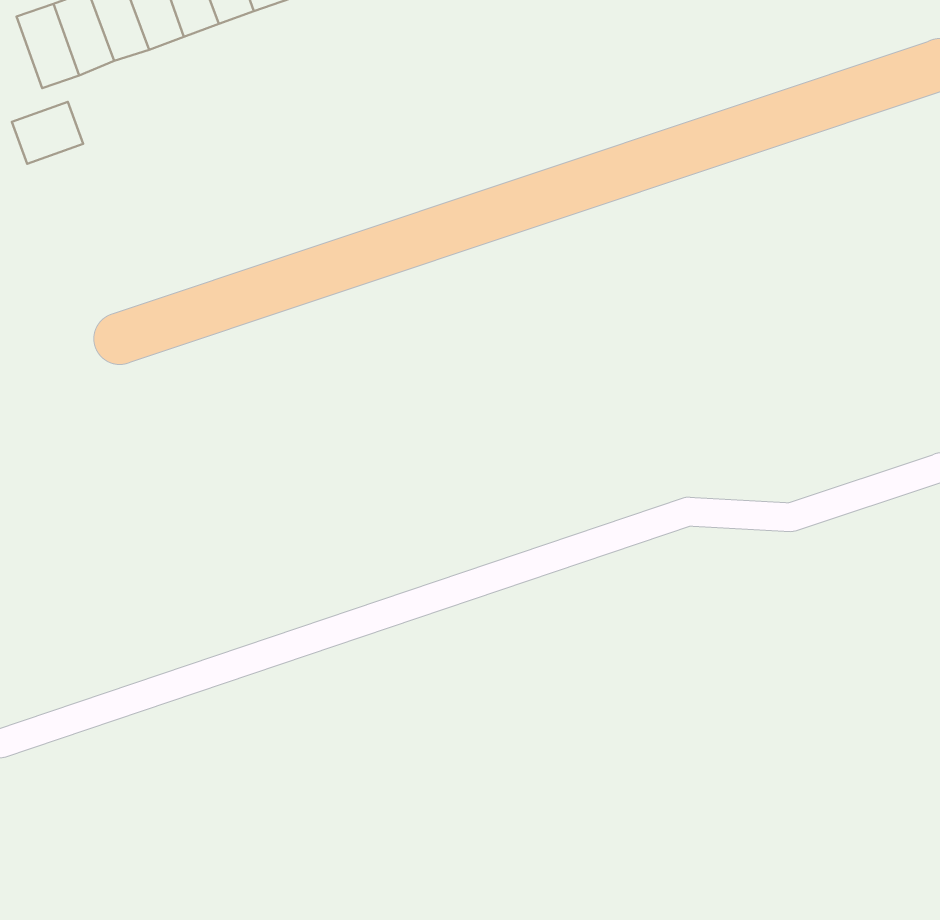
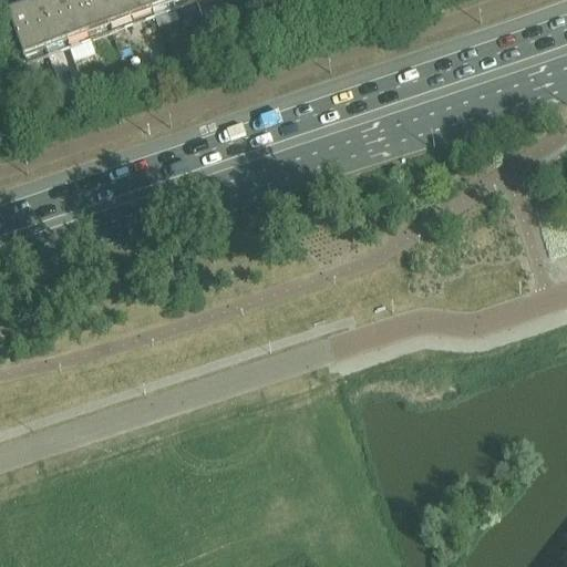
building: [12,102,83,164] -> none

